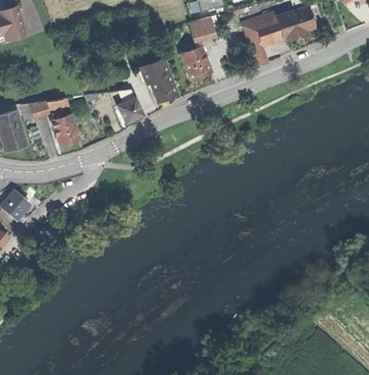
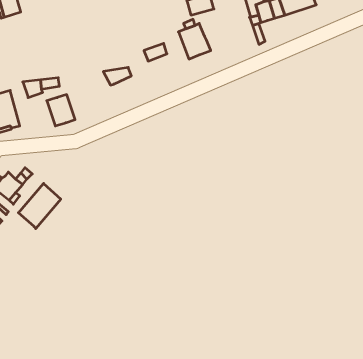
building: [151,75,177,101] -> none
building: [117,97,143,122] -> none
building: none -> [18,183,61,229]

